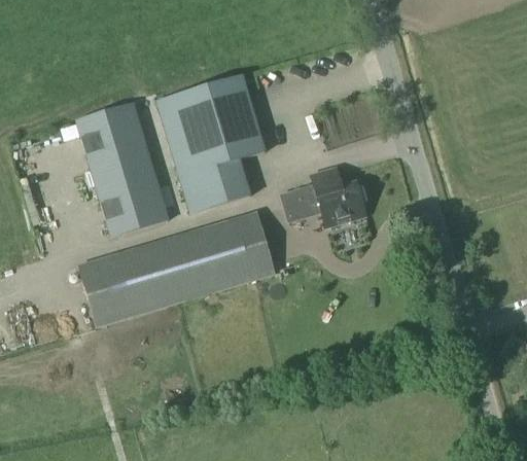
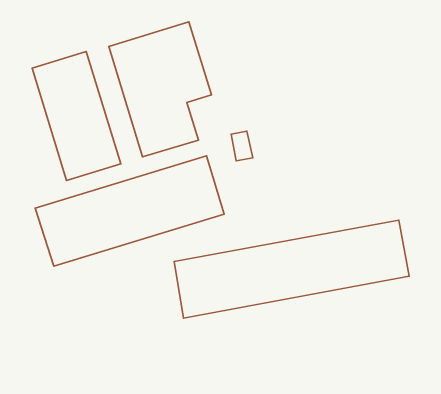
building: [314,167,366,224] -> none
building: none -> [174,220,409,318]

